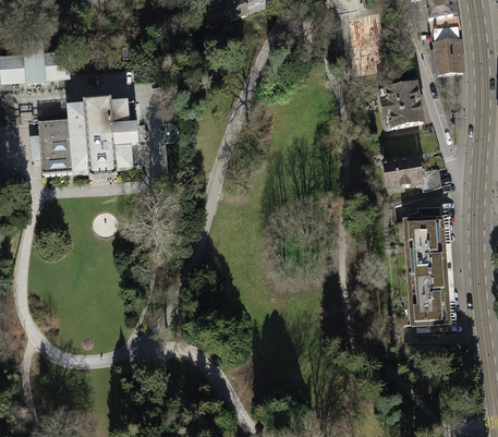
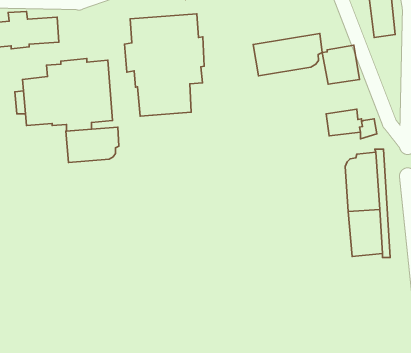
building: none -> [124,14,204,116]
building: none -> [253,33,322,76]
building: none -> [66,127,119,163]

